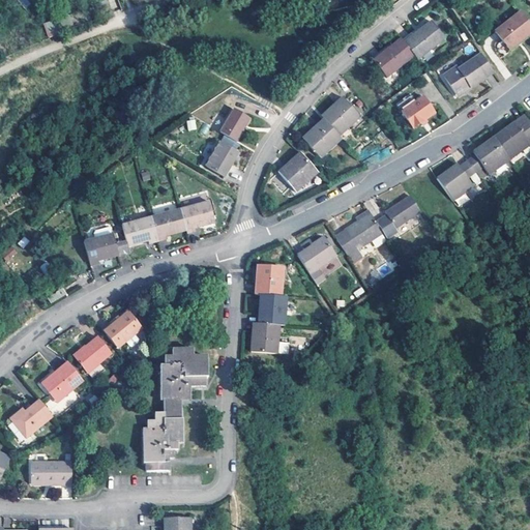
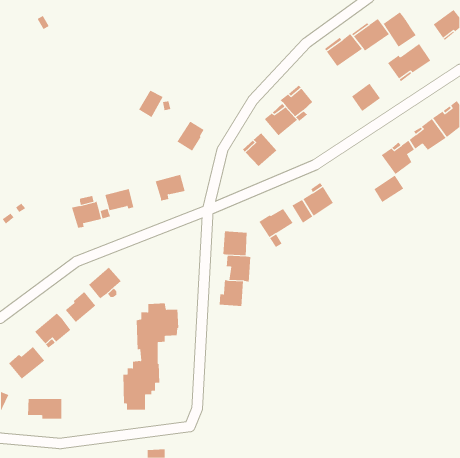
building: none -> [383,11,416,47]
building: [219,107,248,139] -> [138,90,163,118]
building: [386,196,421,228] -> [374,175,404,203]
building: [149,208,184,238] -> none

